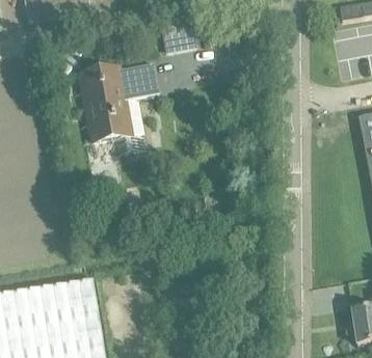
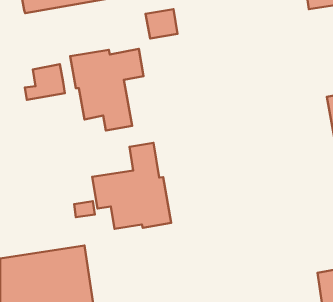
building: none -> [25,64,65,100]
building: none -> [92,143,171,229]

